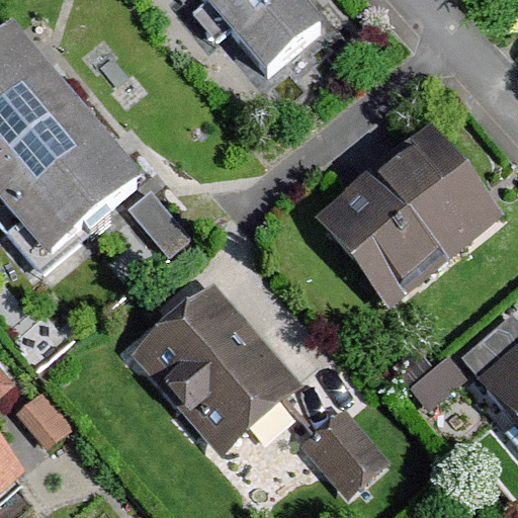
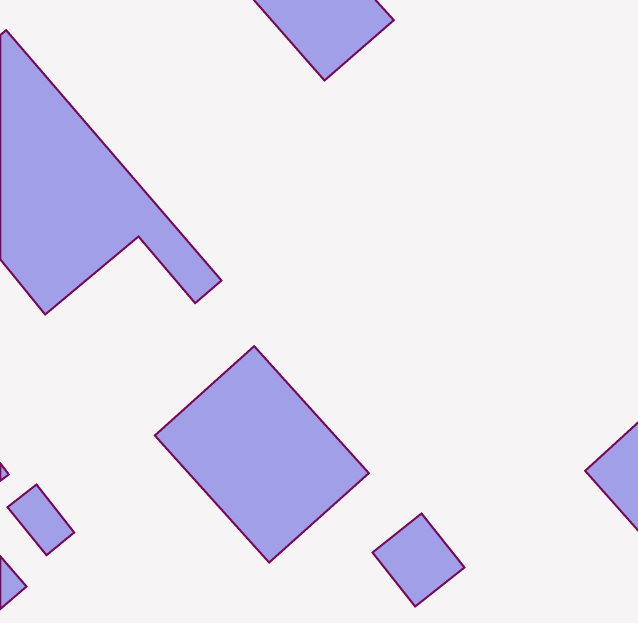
building: [317,126,499,301] -> none

